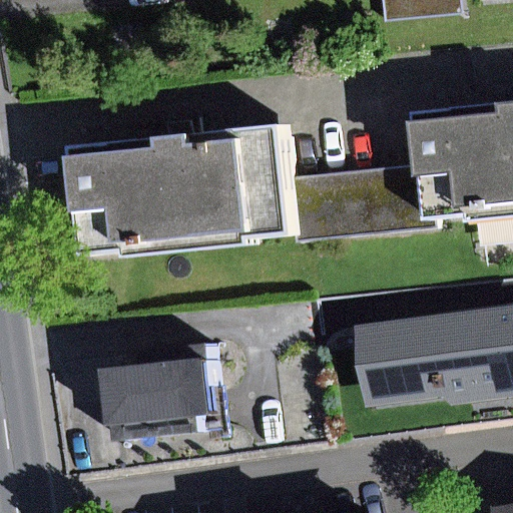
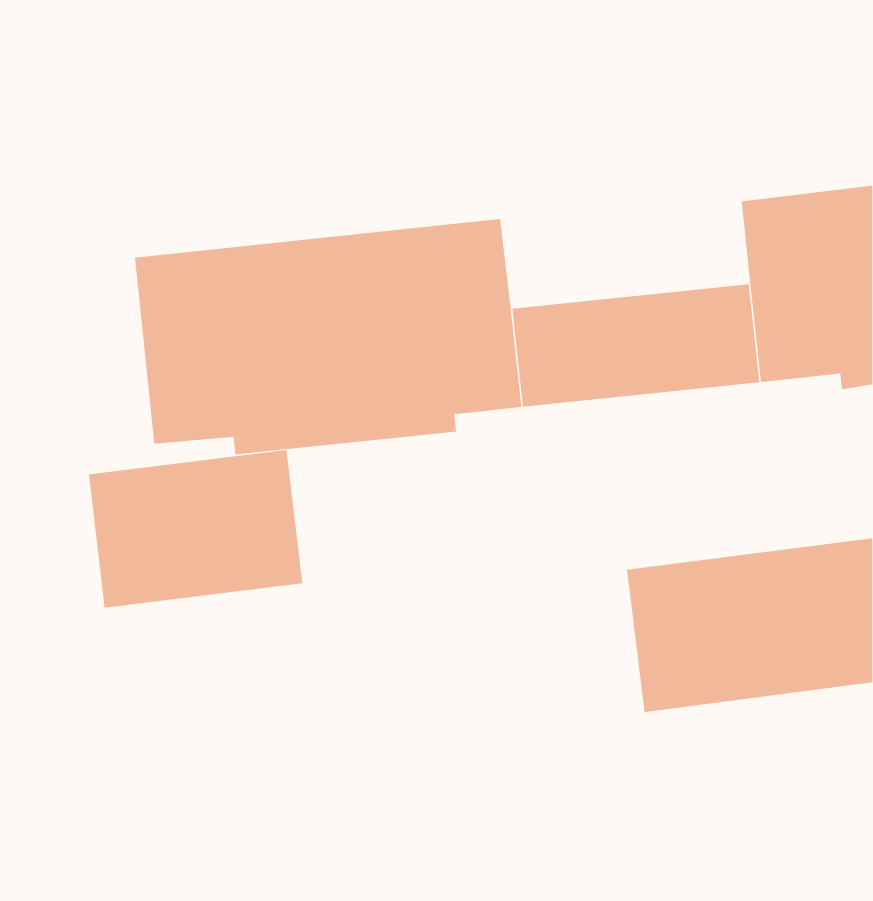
building: [108,343,230,433] -> [88,449,303,608]

